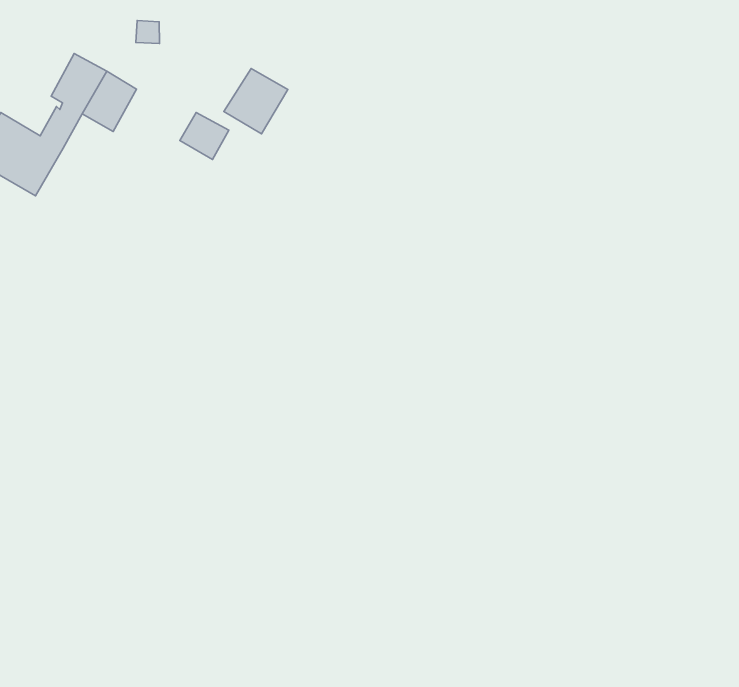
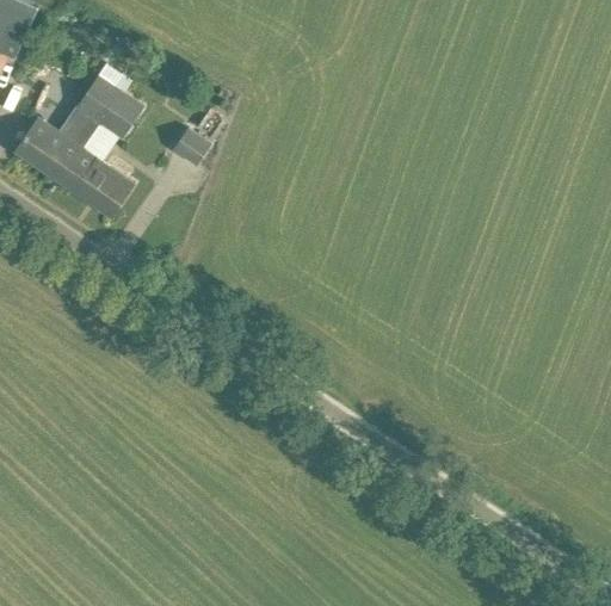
building: [224,69,288,134] -> none
building: none -> [57,147,132,217]

